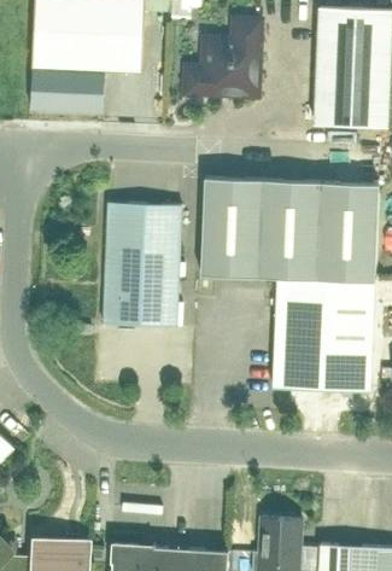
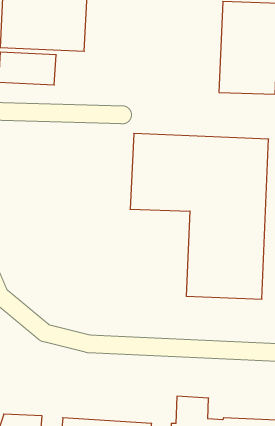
building: [186,21,258,95] -> none
building: [103,203,181,327] -> none

